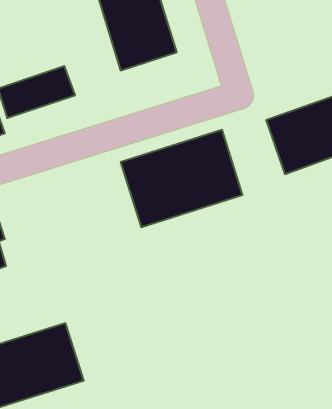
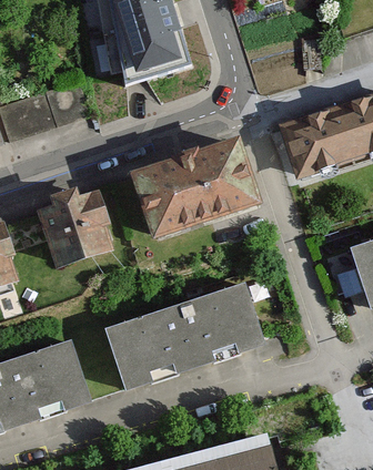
building: none -> [37,188,110,267]
building: none -> [103,278,259,384]

